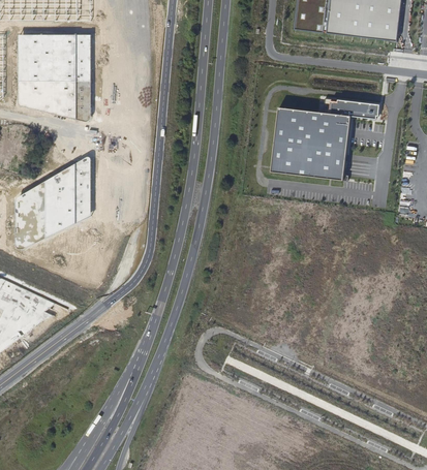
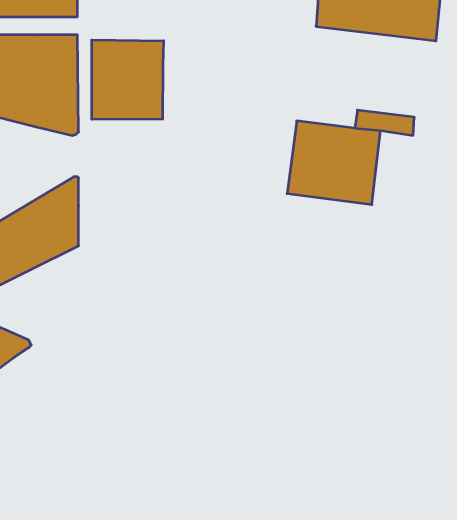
building: none -> [92,40,164,119]

